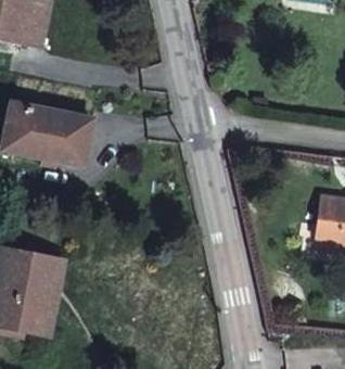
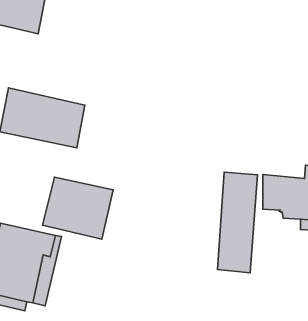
building: none -> [217,172,258,273]
building: none -> [43,177,113,239]

